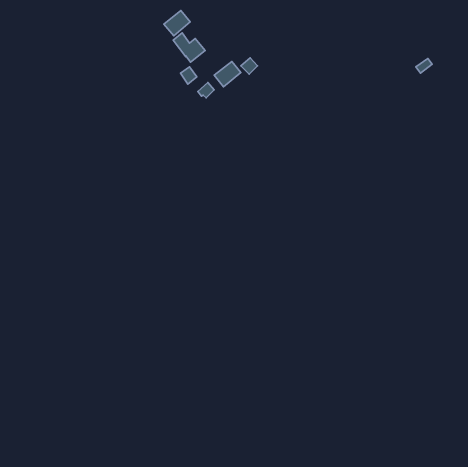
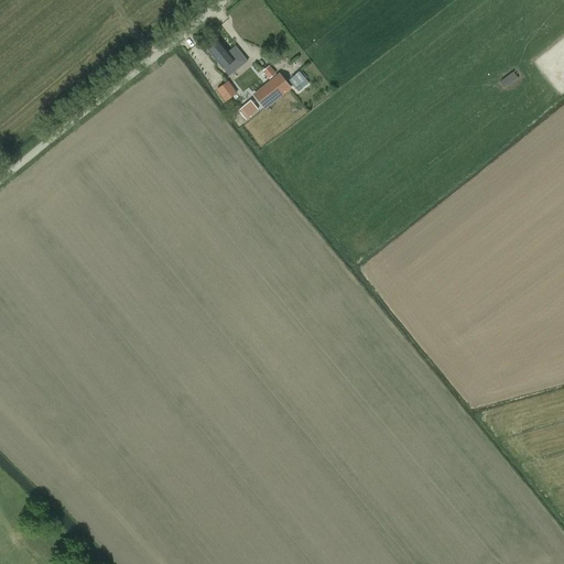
building: [164,10,190,36] -> none

